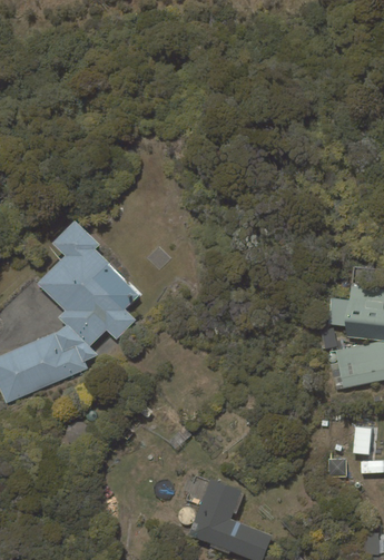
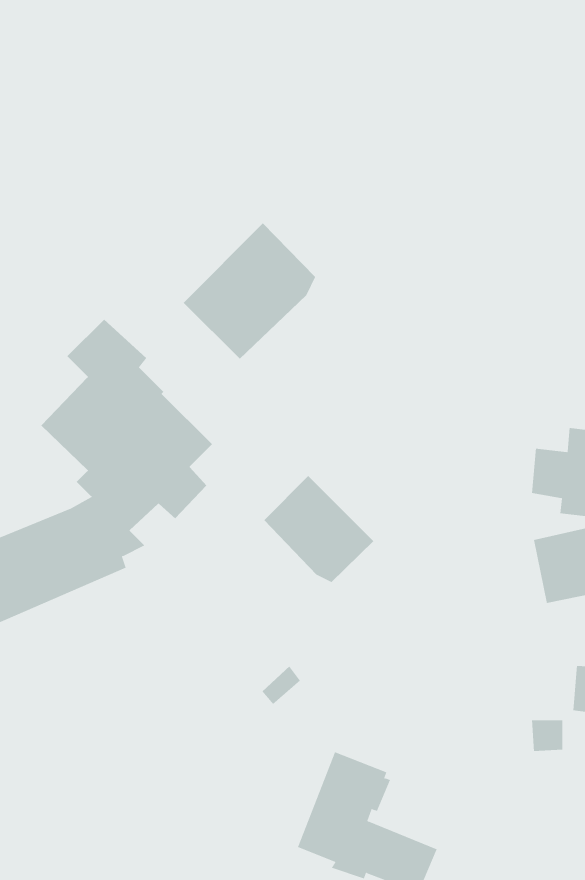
building: none -> [183,223,316,360]
building: none -> [263,475,374,583]

